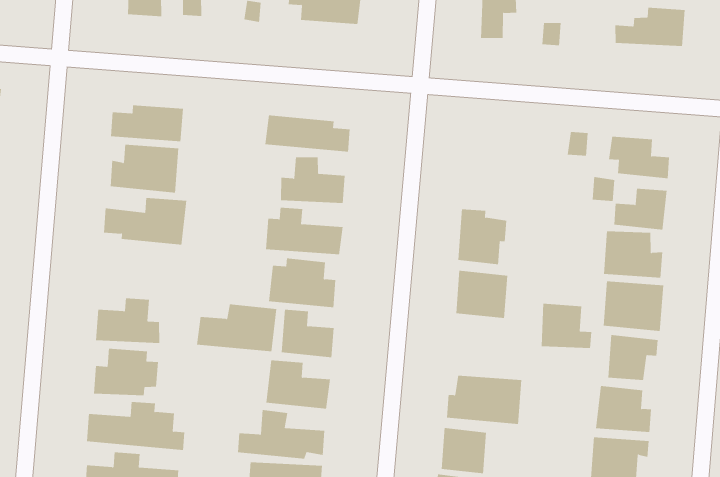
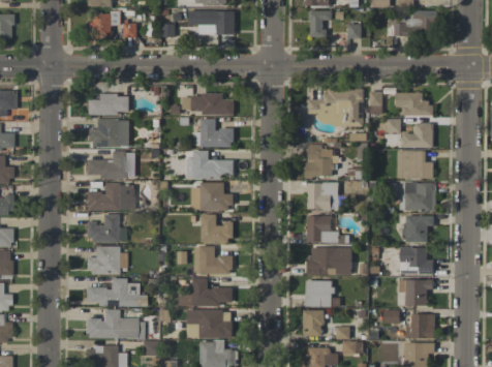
building: none -> [307,88,363,125]
building: [541,303,592,348] -> [306,216,338,243]
building: [196,304,277,352] -> [85,183,133,211]

